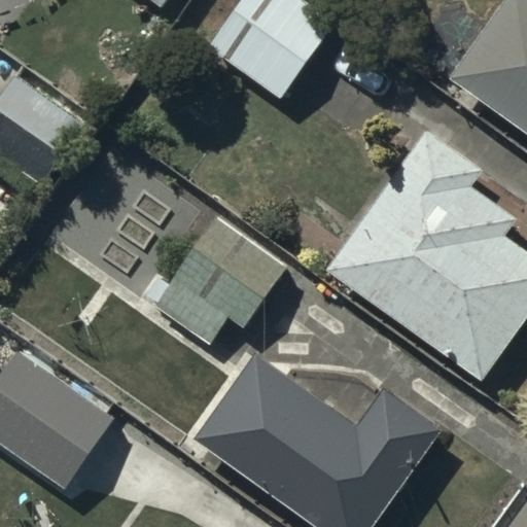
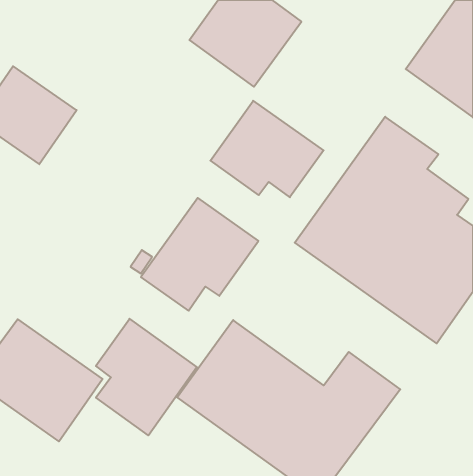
building: none -> [210,101,324,197]
building: none -> [96,319,197,435]

